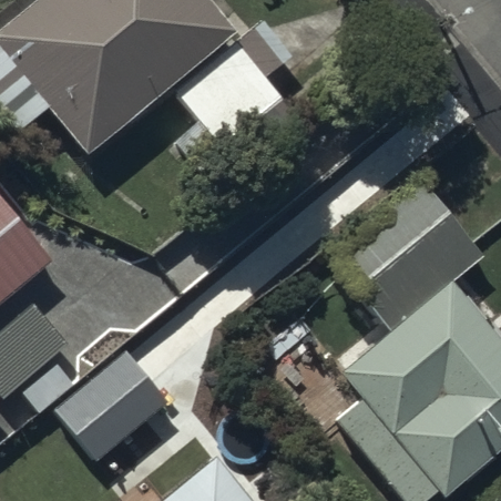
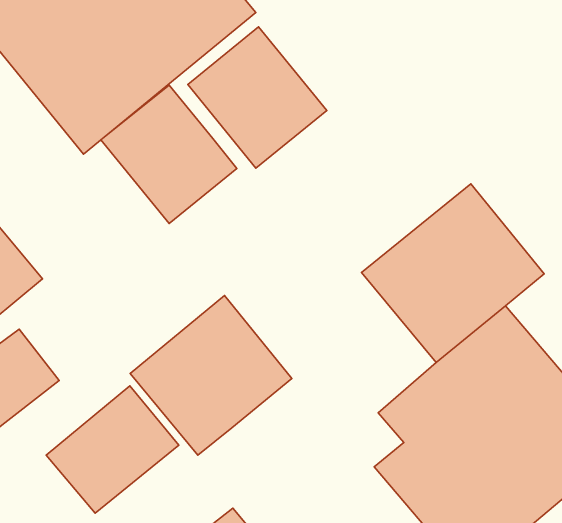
building: none -> [101,85,237,224]
building: none -> [130,295,292,455]

